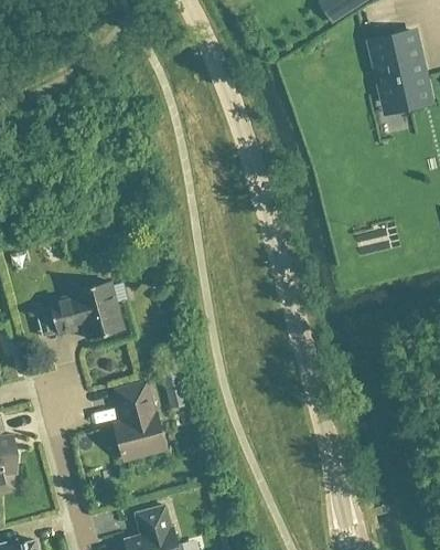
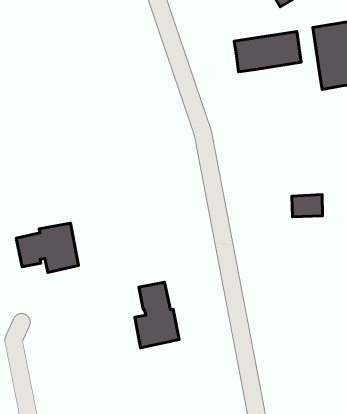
building: none -> [234,31,301,72]
building: [115,383,167,459] -> [135,282,179,348]

